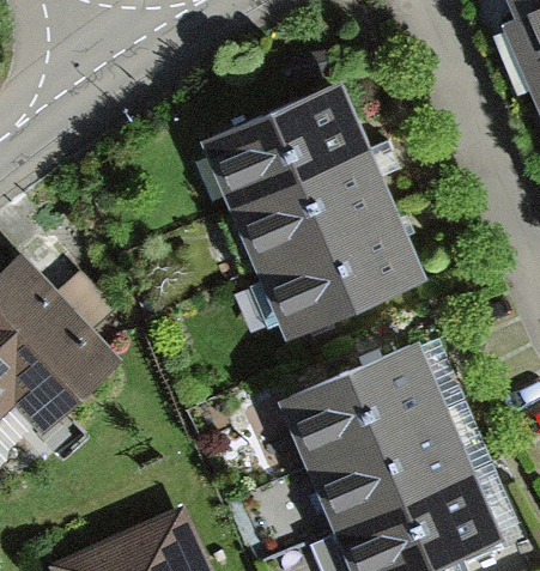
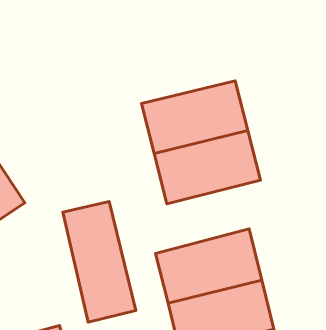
building: [216,86,363,201] -> none
building: none -> [63,202,136,322]

